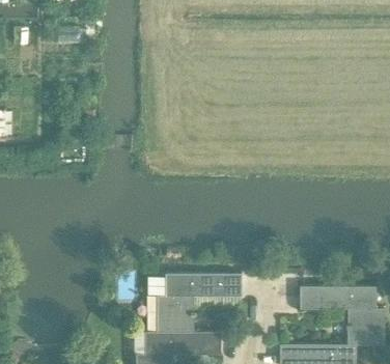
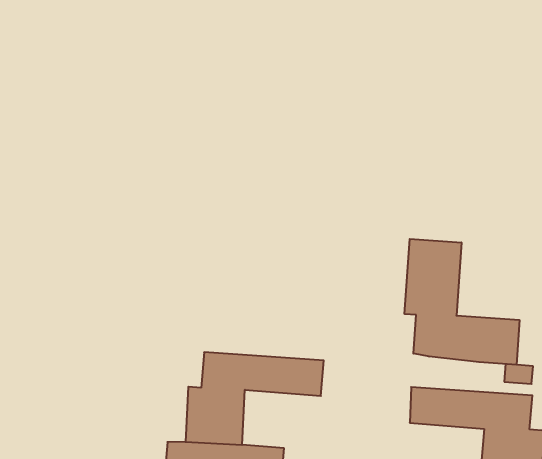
building: none -> [405,239,519,365]

